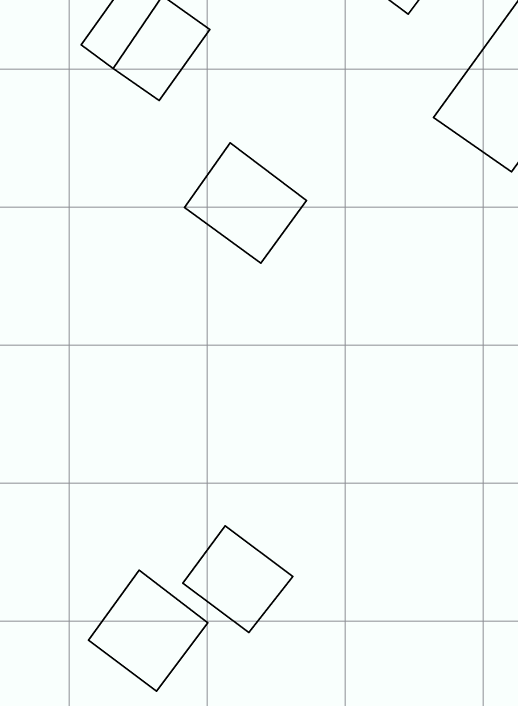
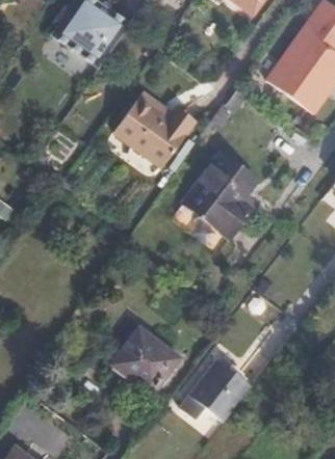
building: none -> [187,155,258,236]
building: [88,570,208,691] -> none
building: none -> [180,359,252,421]

